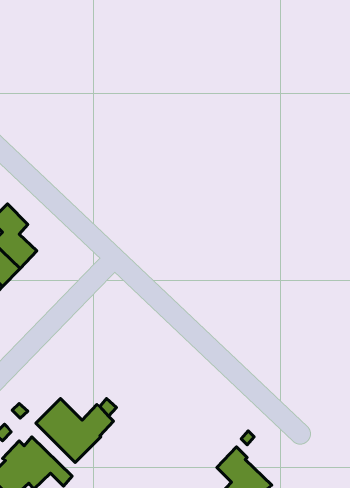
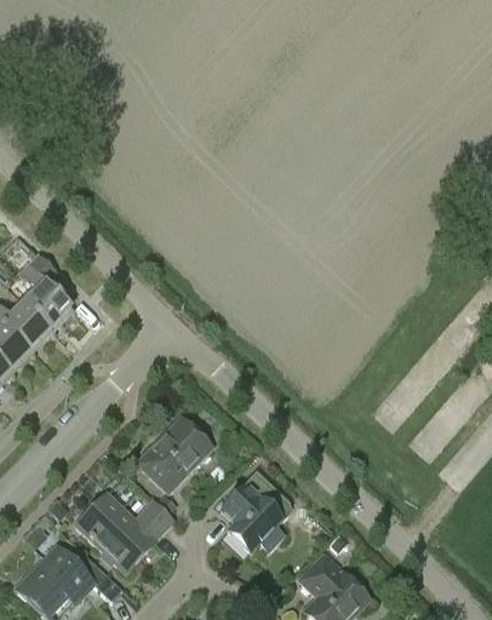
building: none -> [139,418,208,490]
building: none -> [218,471,286,553]

